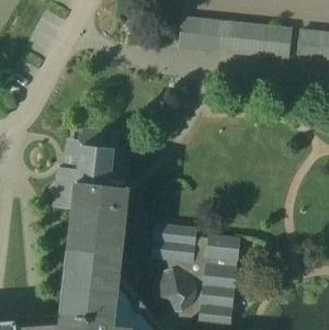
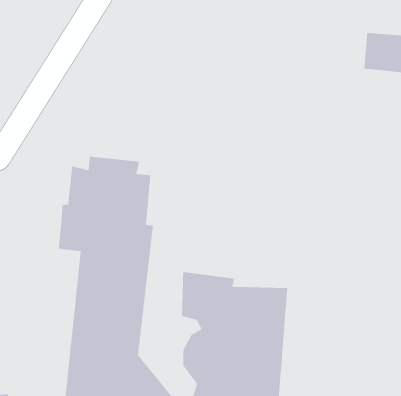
building: [180,18,292,59] -> none

